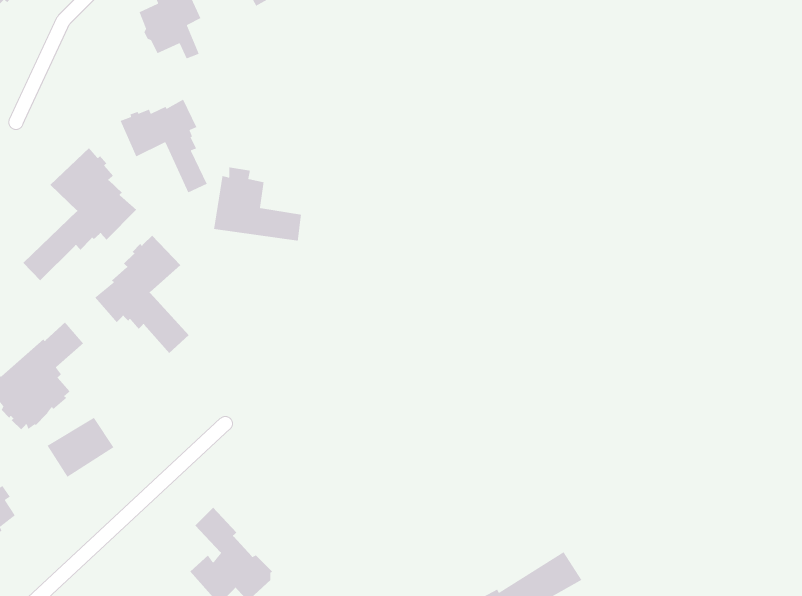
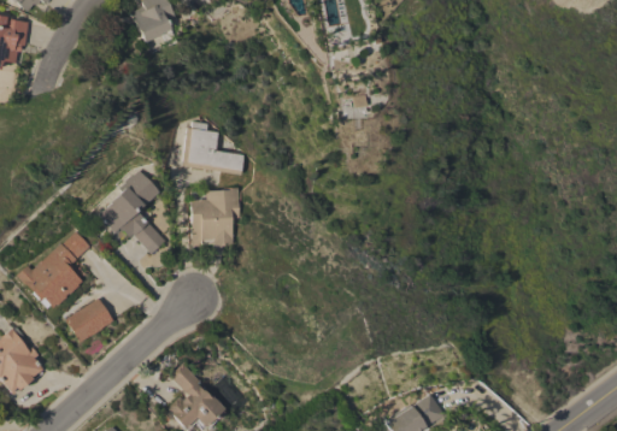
building: [120,99,208,193] -> none
building: [22,147,137,281] -> none
building: none -> [190,187,241,247]

